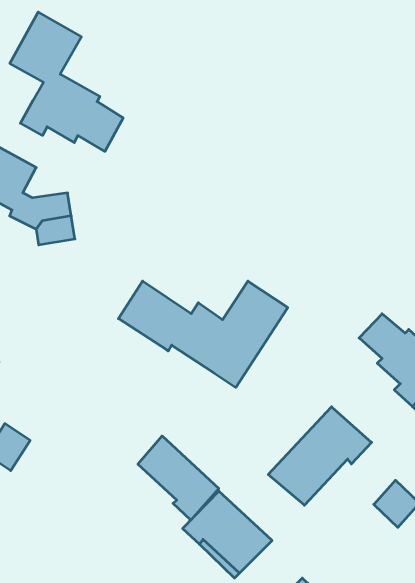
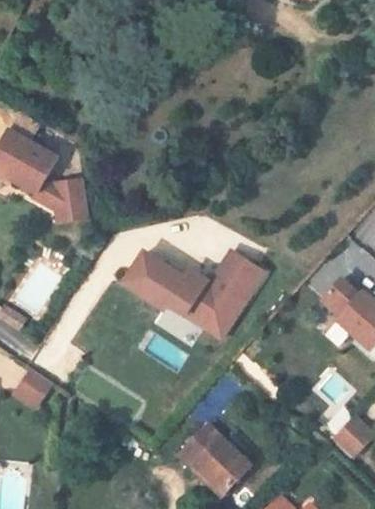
building: [10,12,123,151] -> none
building: [268,407,372,505] -> none
building: [138,436,219,520] -> none

